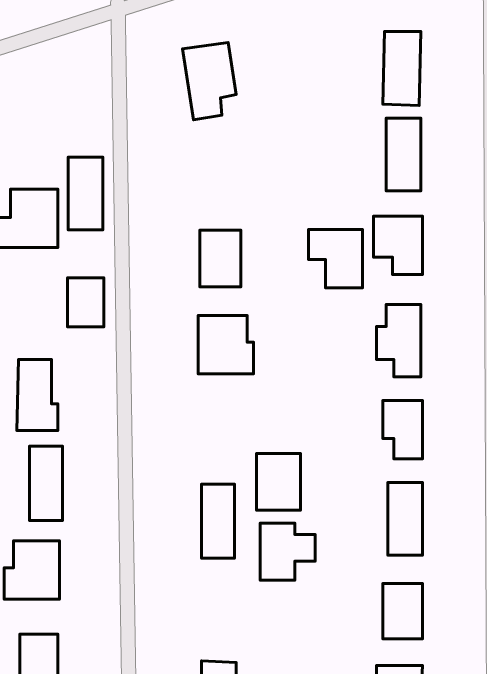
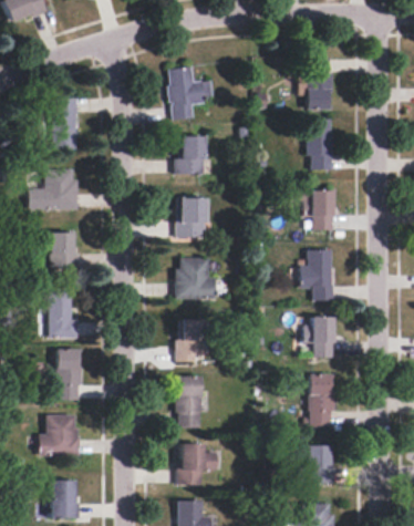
building: none -> [177,136,204,174]
building: [68,157,103,230] -> [53,99,77,149]
building: [308,230,362,288] -> none
building: [68,278,104,327] -> [50,233,75,267]
building: [256,453,301,510] -> [177,320,208,360]
building: [260,523,315,580] -> [178,444,217,484]

